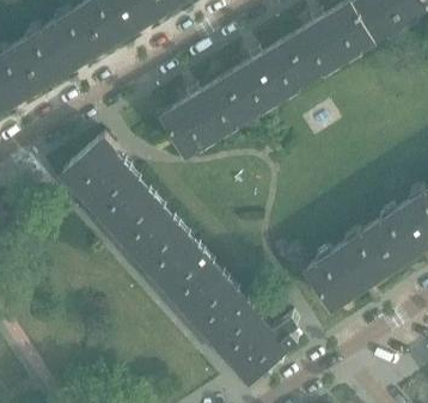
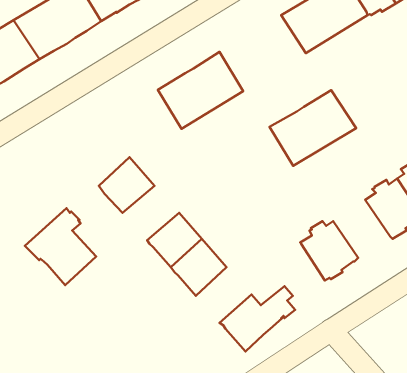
building: [225,41,312,117] -> [270,90,356,166]
building: [62,135,134,213] -> [25,208,96,285]
building: [127,213,184,268] -> none
building: [340,227,399,286] -> none
building: [201,295,257,352] -> none

